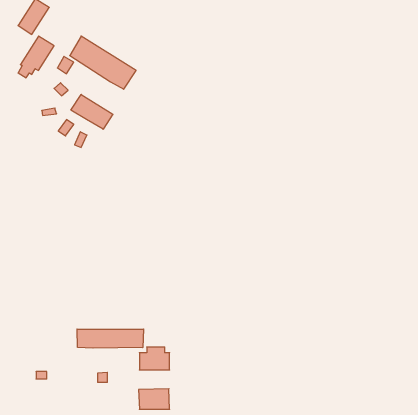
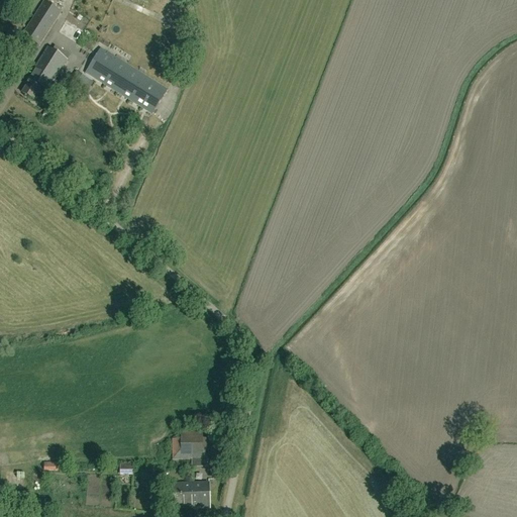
building: [71,94,113,129] -> none
building: [77,329,144,348] -> none

